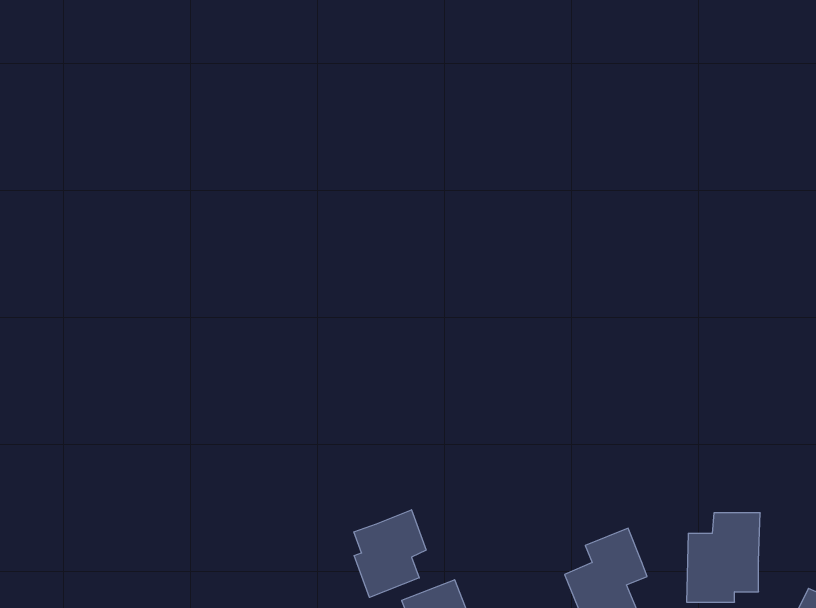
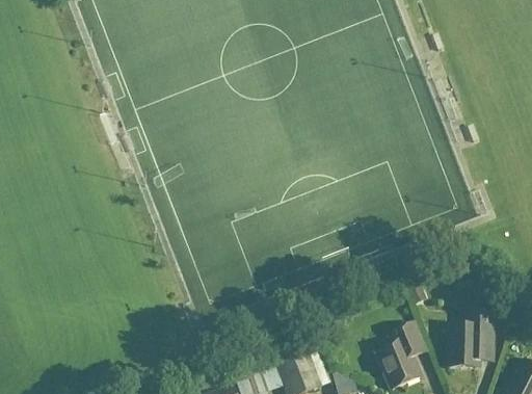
building: [354,510,426,597] -> none

